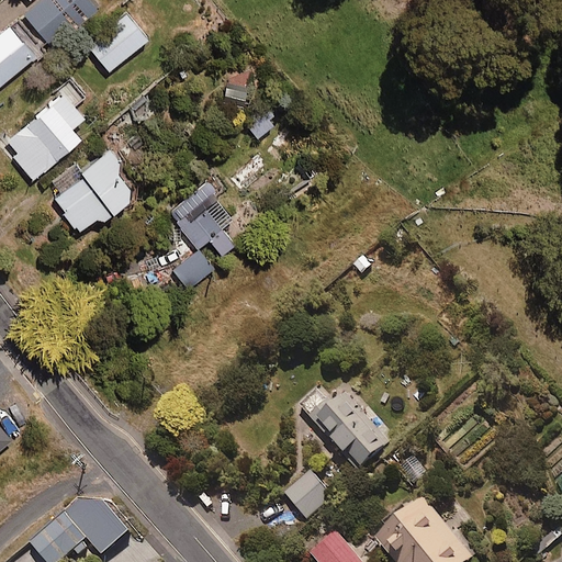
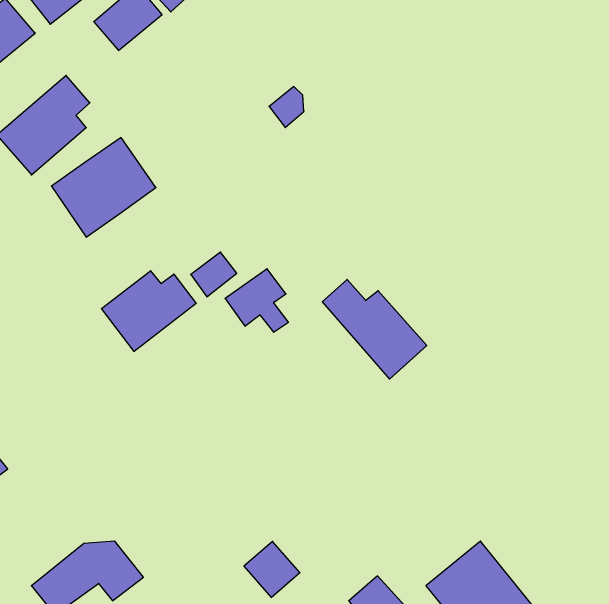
building: [178,198,234,254] -> [225,269,288,332]
building: none -> [102,271,196,351]
building: [300,386,392,474] -> [322,279,427,379]
building: [284,471,334,520] -> [244,541,300,597]

